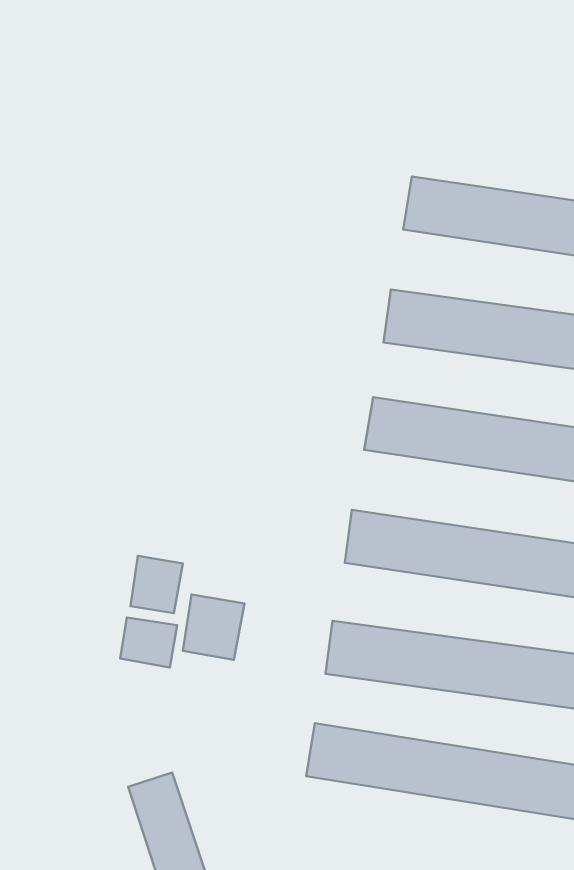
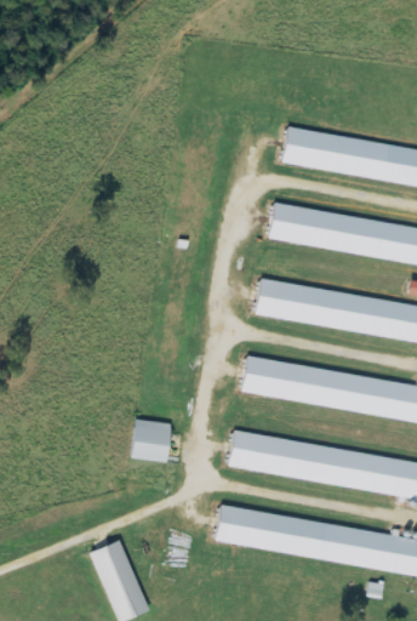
building: [130,556,183,613] -> none
building: [120,618,177,667] -> none

